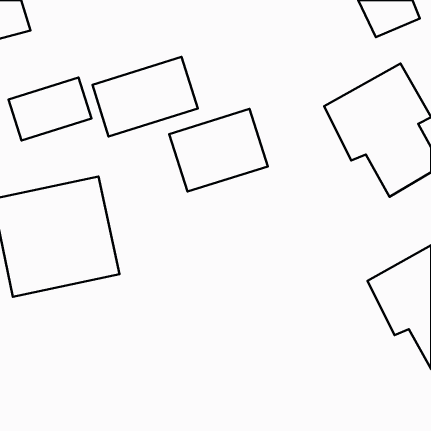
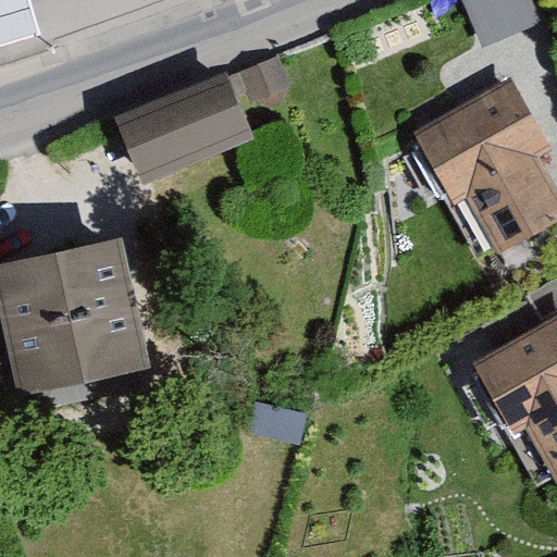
building: [8,78,91,140] -> none
building: [169,109,268,192] -> none

